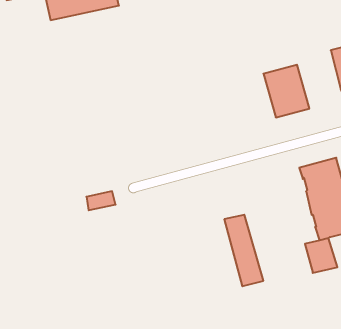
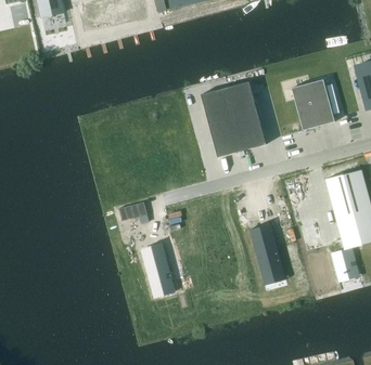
building: none -> [200,81,265,157]
building: none -> [137,243,171,294]

